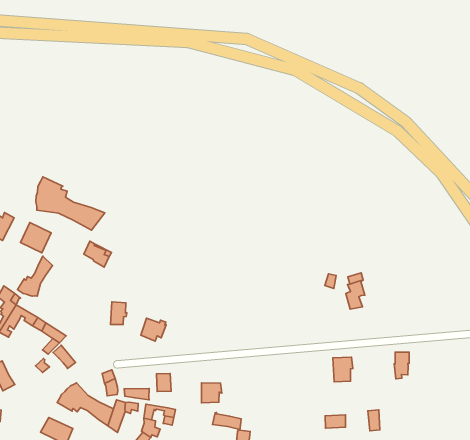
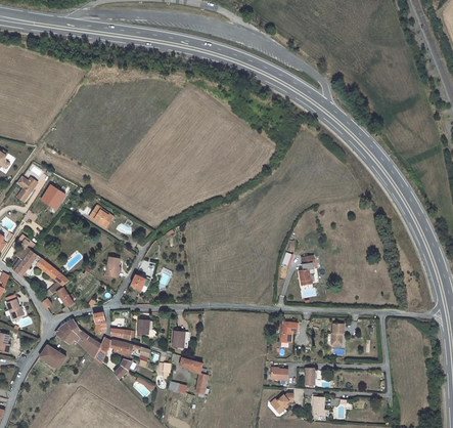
building: [36,177,105,230] -> none
building: [17,256,53,296] -> none

